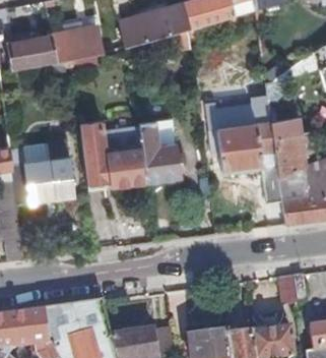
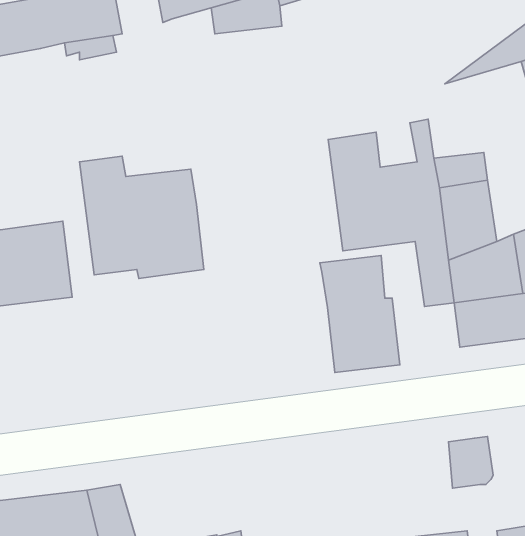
building: [138,118,182,182] -> [320,255,400,372]

